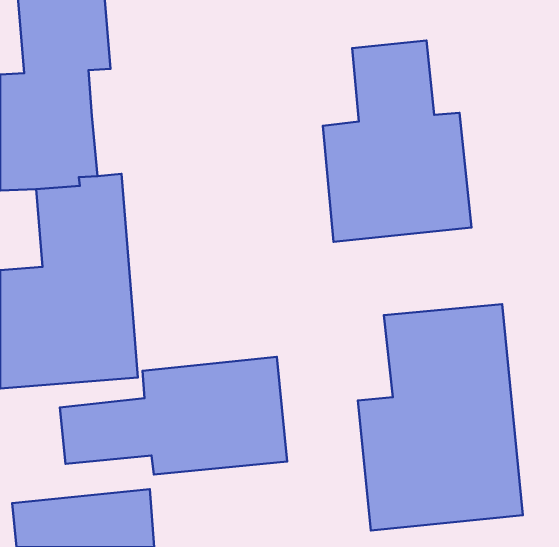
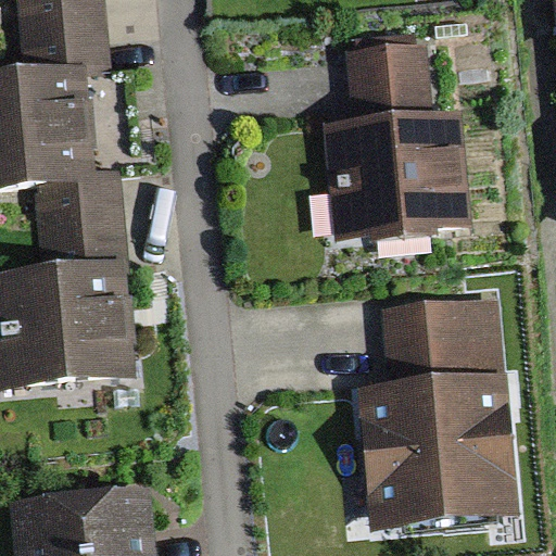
building: [60,357,287,474] -> none

